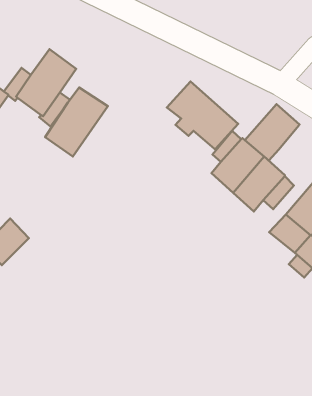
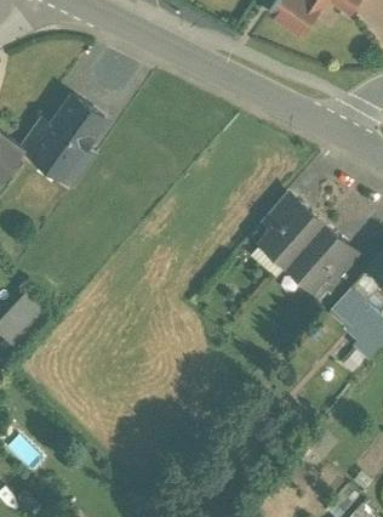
building: [167,82,238,149] -> none
building: [45,87,108,156] -> none
building: [245,104,300,160] -> none

